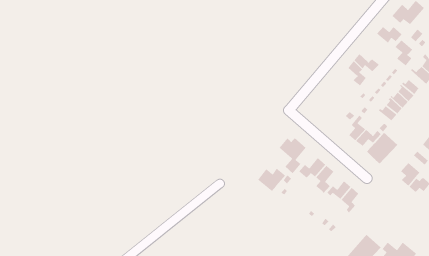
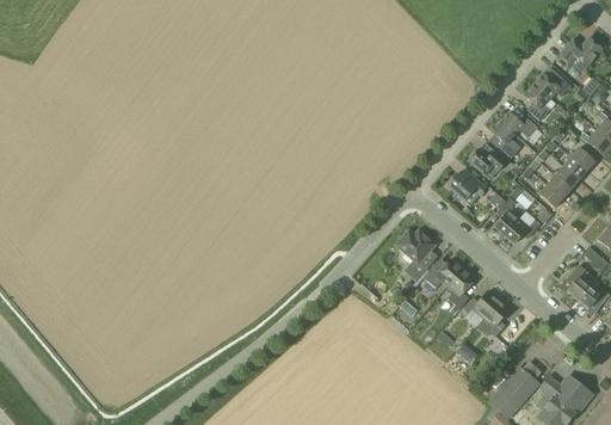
building: [395,39,413,67] -> [524,85,550,123]
building: none -> [468,149,506,175]
building: none -> [446,173,486,201]
building: [366,132,398,165] -> none
building: [257,168,286,192] -> none

